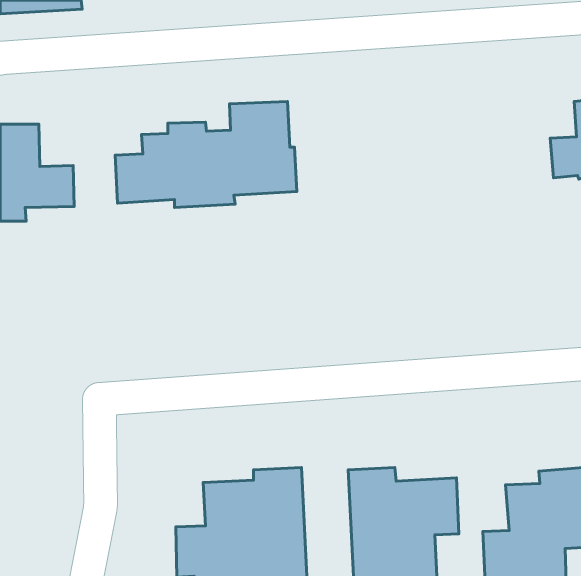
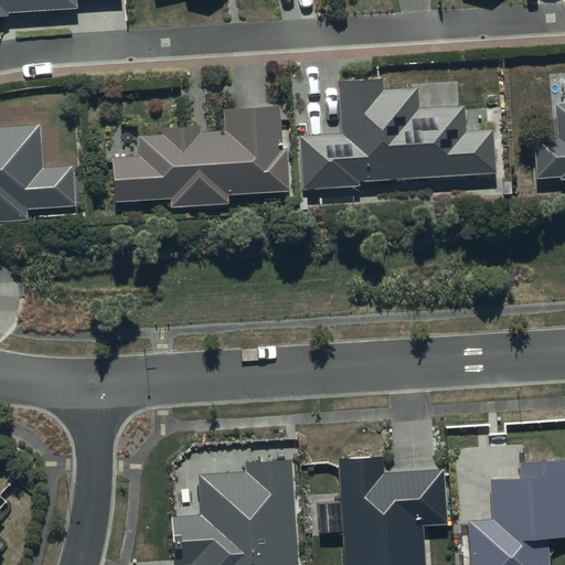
building: none -> [300,79,495,190]

